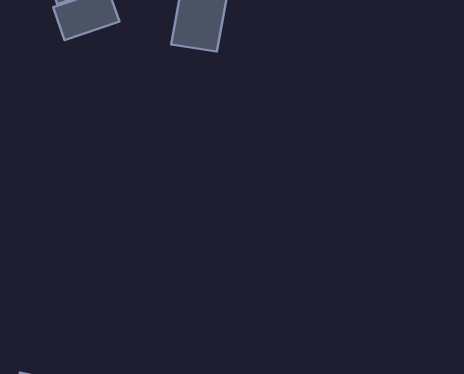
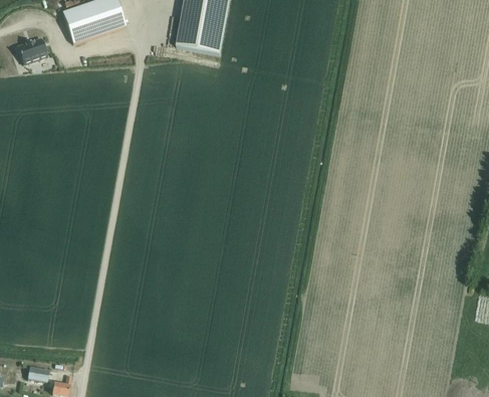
building: none -> [17,38,47,63]

